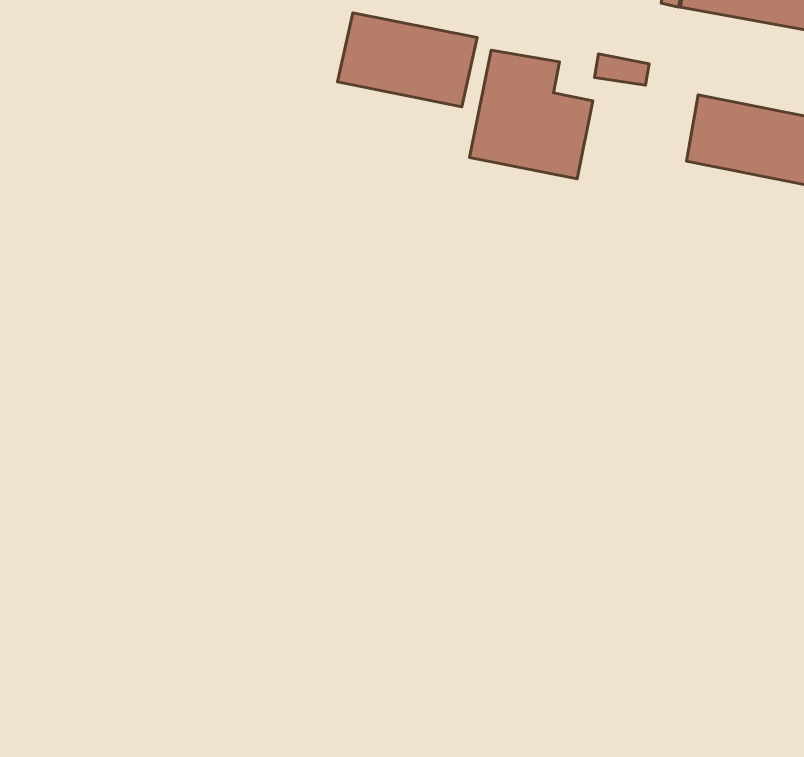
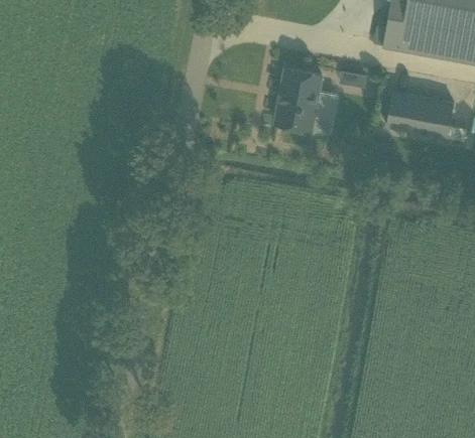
building: [337,13,477,107] -> none

